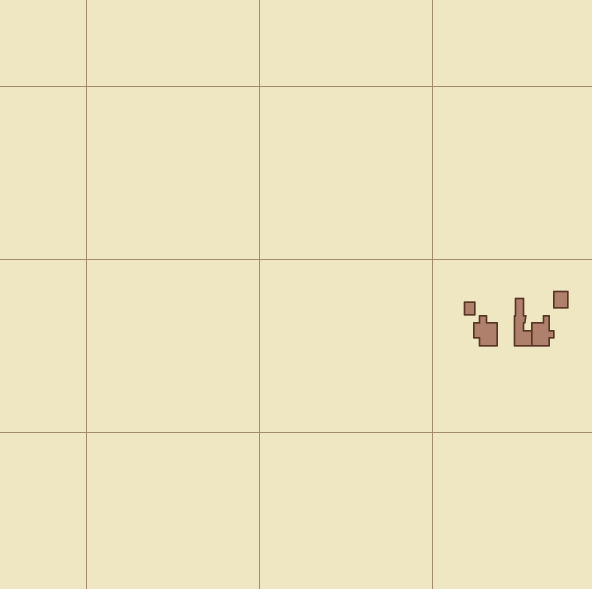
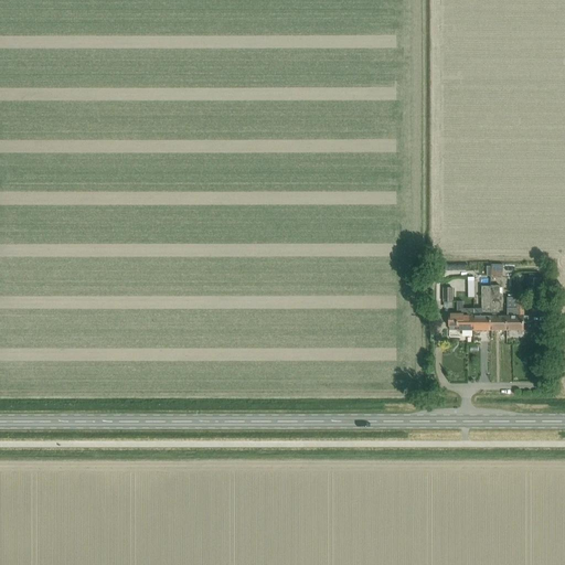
building: none -> [473,286,491,330]

